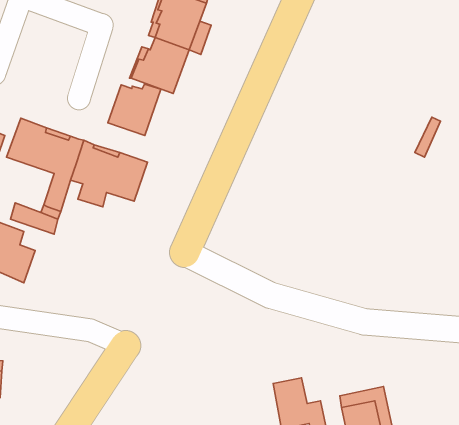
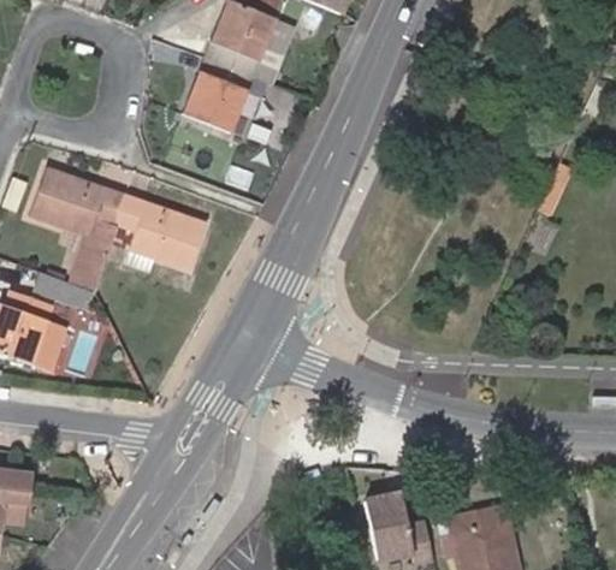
building: [108,84,161,136] -> none

